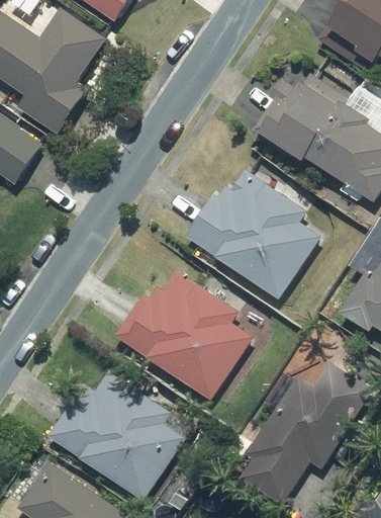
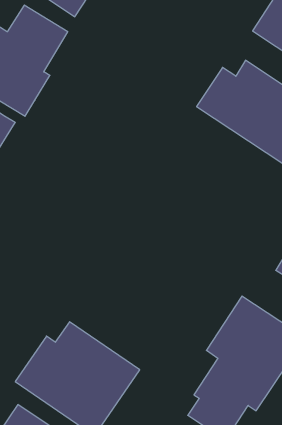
building: [193,177,317,297] -> none
building: [113,268,256,402] -> none

